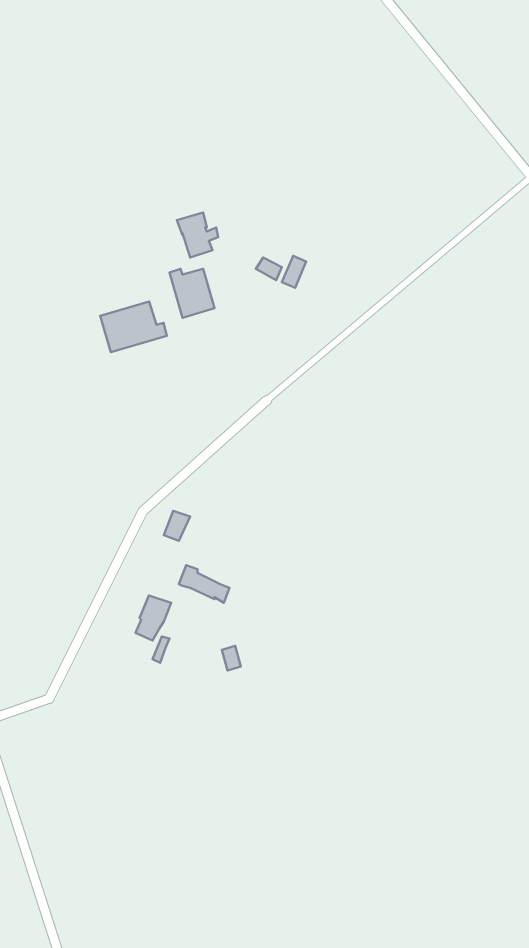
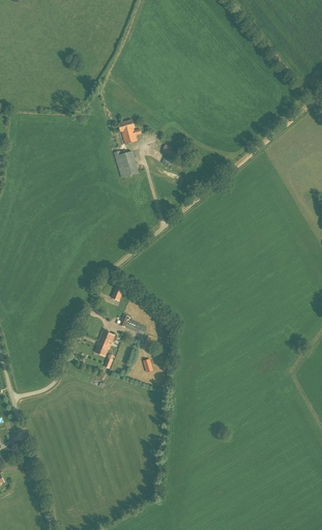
building: [100,301,167,352] -> none

